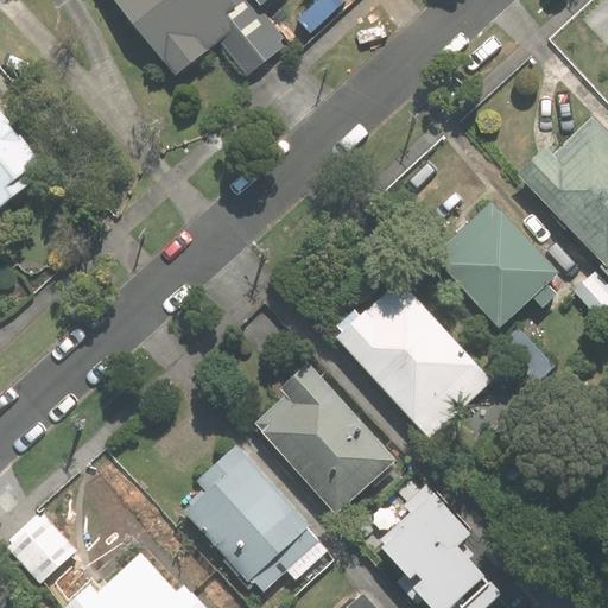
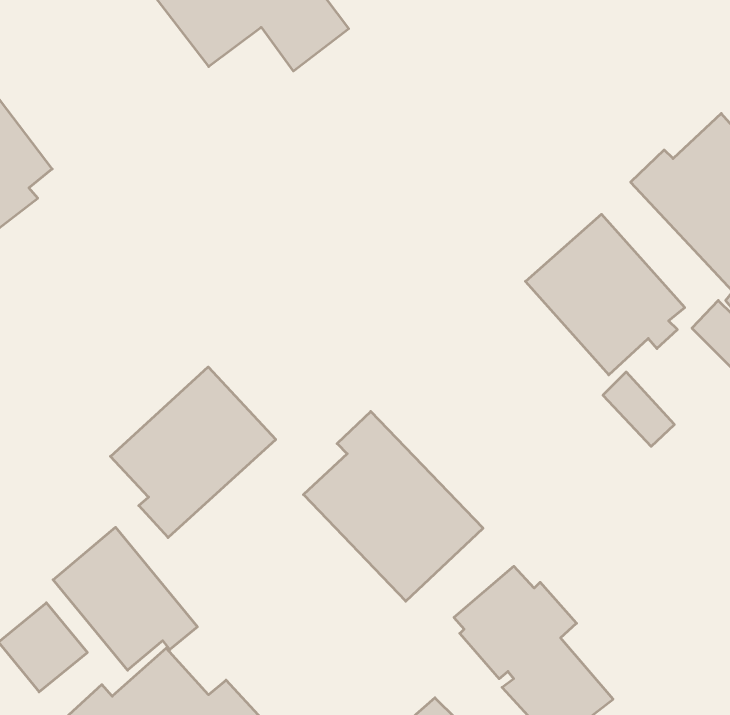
building: [327,278,493,438] -> none
building: none -> [110,367,276,538]
building: [183,442,327,596] -> none
building: none -> [53,527,197,670]

